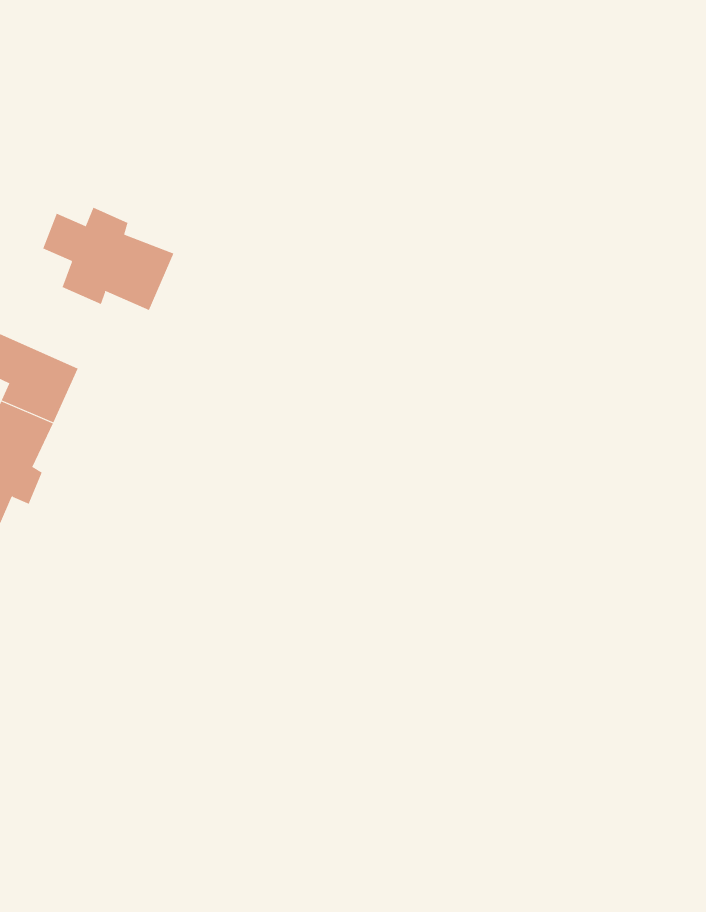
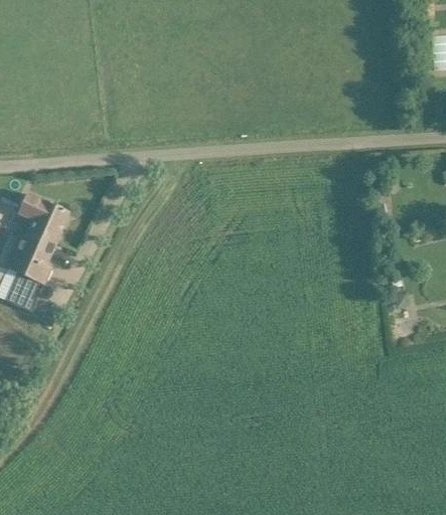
building: [42,207,174,311] -> none

